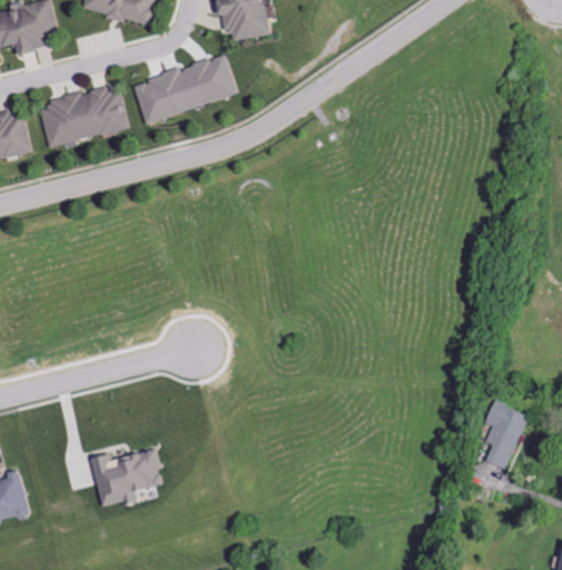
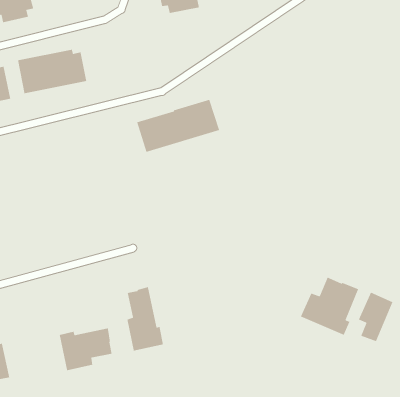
building: [131,53,240,124] -> [136,99,220,153]
building: none -> [300,277,359,336]
building: none -> [127,286,164,351]

